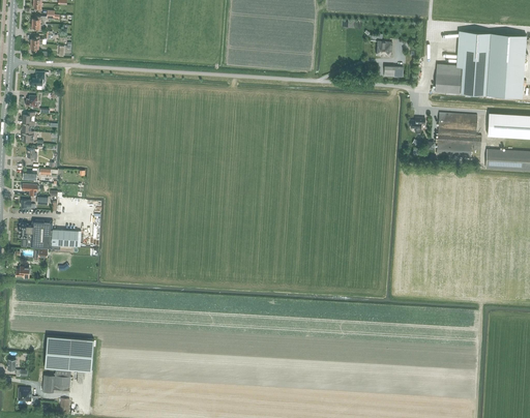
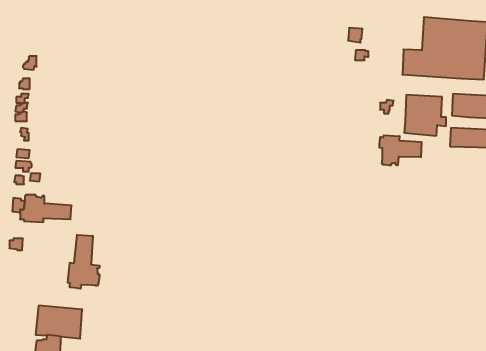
building: none -> [379,135,421,166]
building: none -> [68,235,100,289]

